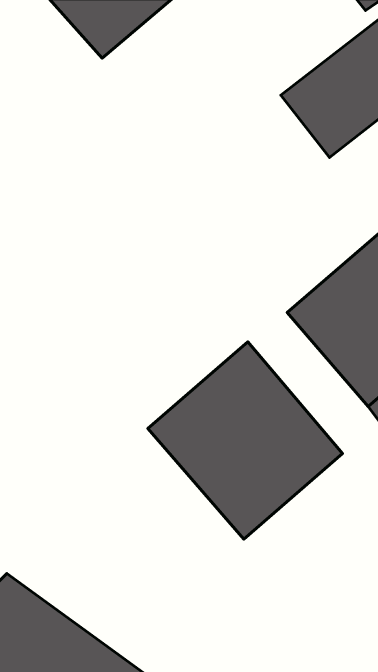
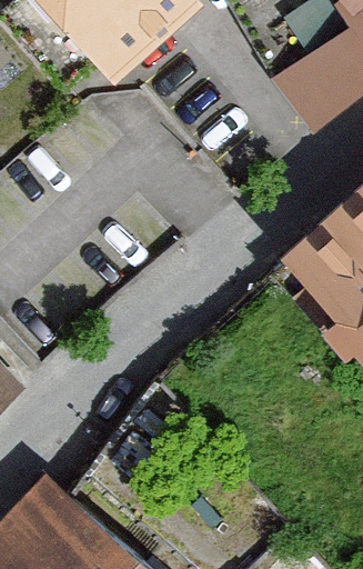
building: [148,342,343,539] -> none

